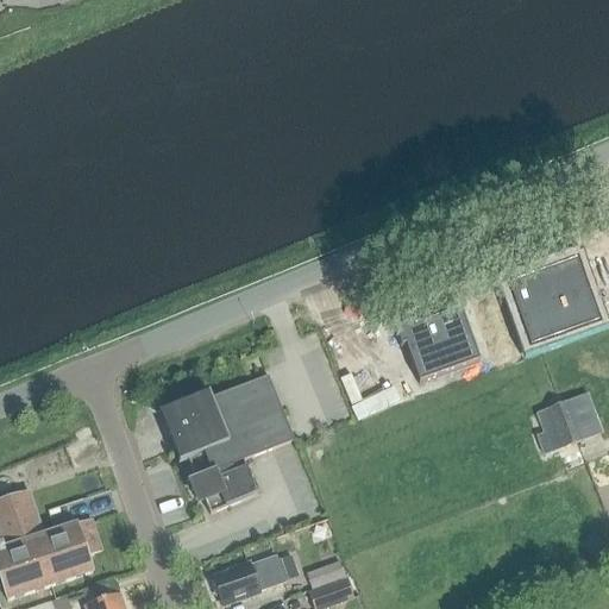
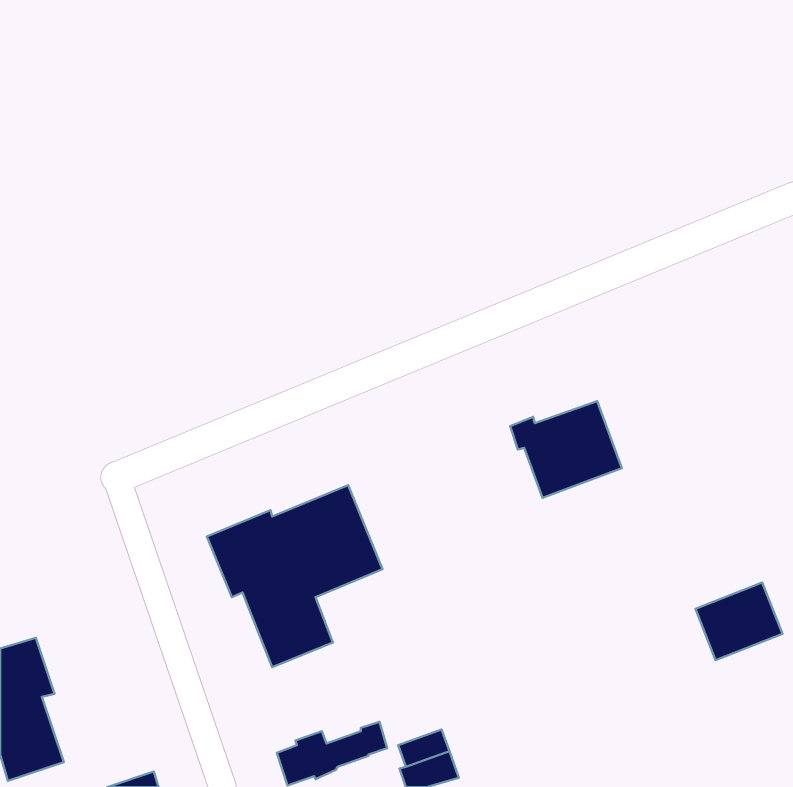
building: [506,259,595,345] -> none
building: [535,390,602,450] -> [695,582,782,660]
building: [33,517,101,583] -> none

